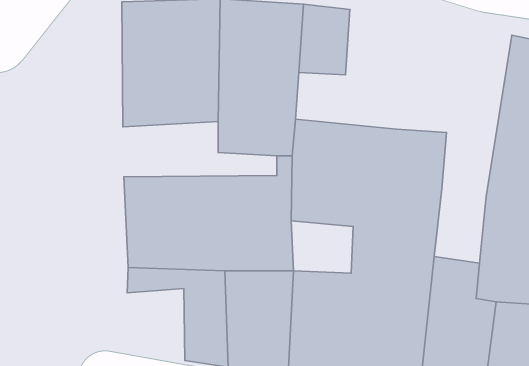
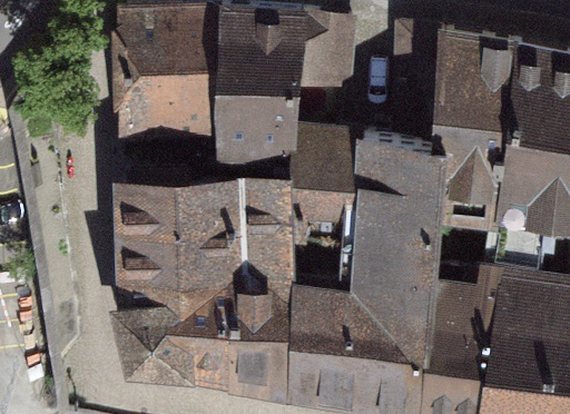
building: none -> [401,29,517,207]
building: none -> [118,299,188,372]

